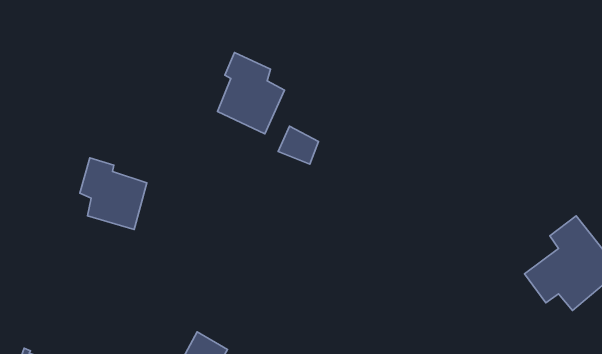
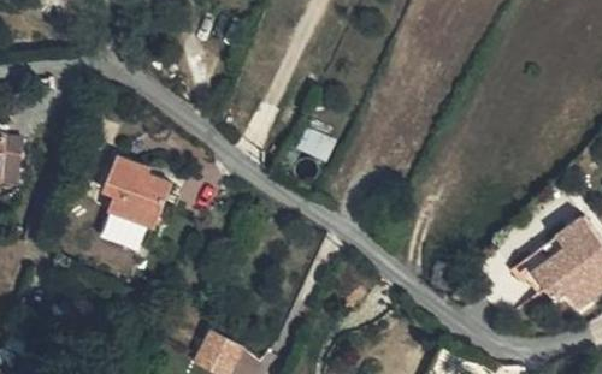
building: [218,52,284,134] -> none

